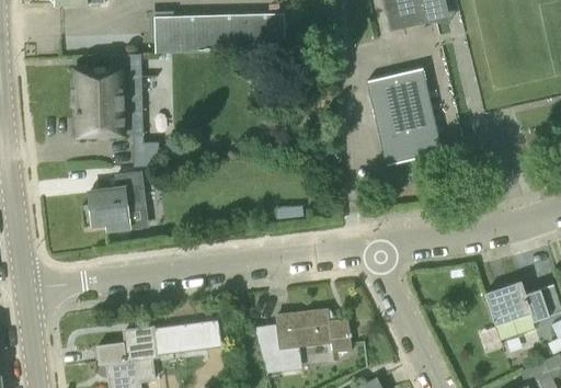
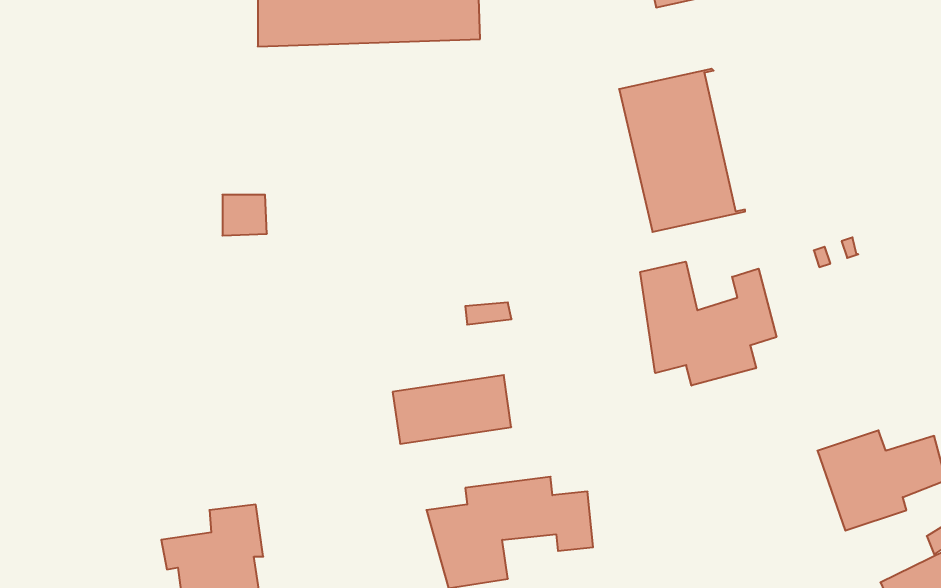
building: [76,54,142,141] -> none
building: [89,172,146,229] -> none
building: none -> [640,262,776,386]
building: [153,315,224,355] -> [393,375,511,444]

